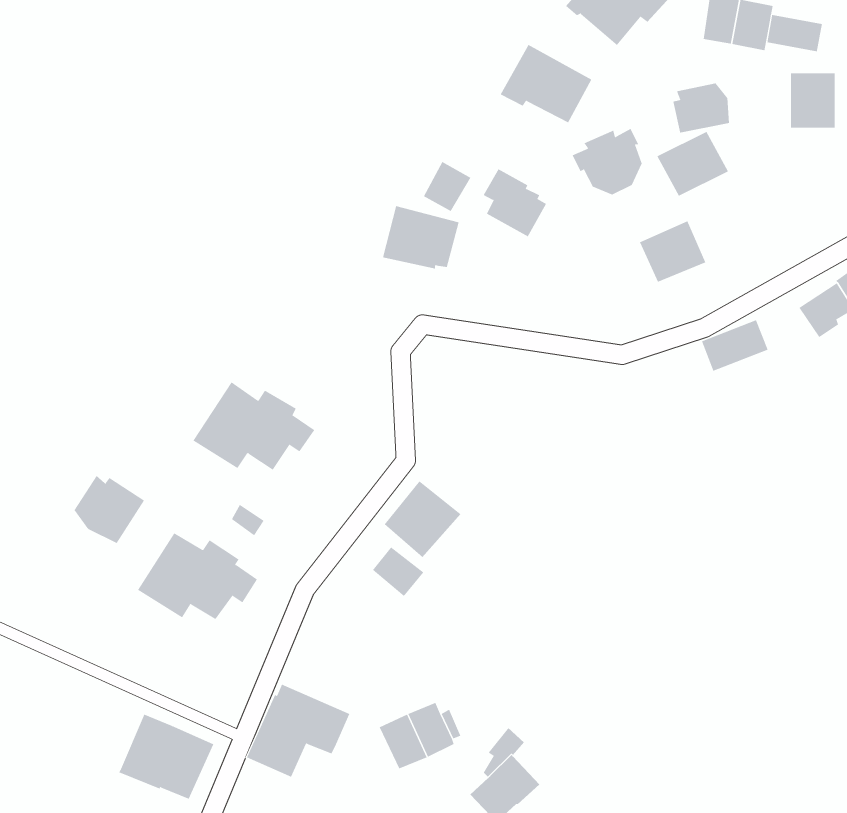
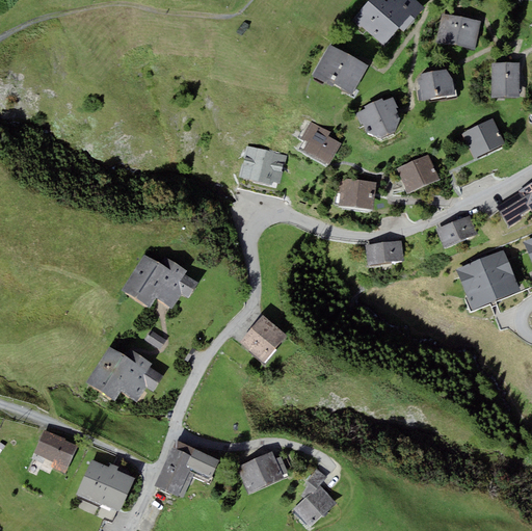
building: [767,14,822,52] -> none
building: [657,131,729,197] -> [460,117,505,158]
building: [423,161,471,212] -> none
building: none -> [339,178,375,209]
building: none -> [364,240,403,264]
building: none -> [455,249,520,310]
building: [74,475,145,544] -> none
building: [372,547,424,597] -> none
building: none -> [32,429,78,474]

